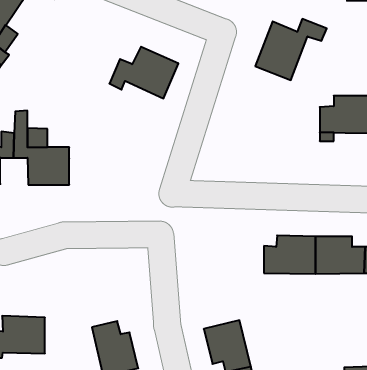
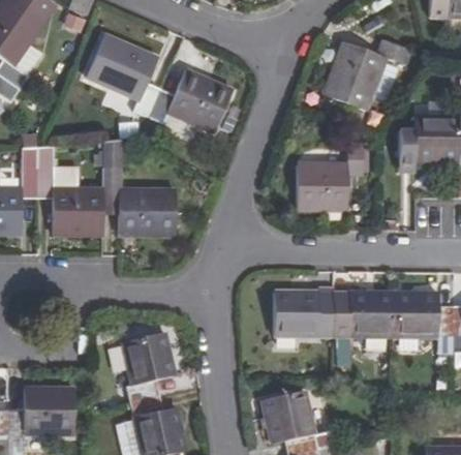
building: none -> [89,35,163,113]
building: none -> [103,139,176,233]
building: none -> [303,152,364,209]
building: none -> [265,293,334,337]
building: none -> [116,334,167,401]

